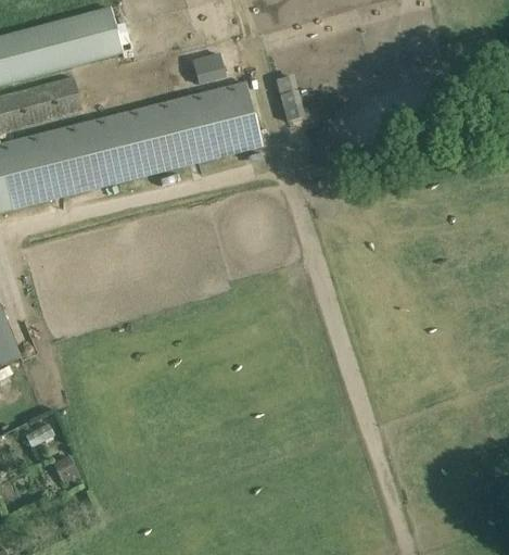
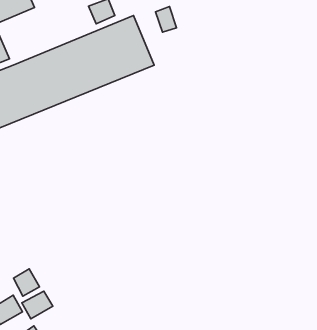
building: none -> [13,269,40,296]
building: none -> [22,291,53,319]

